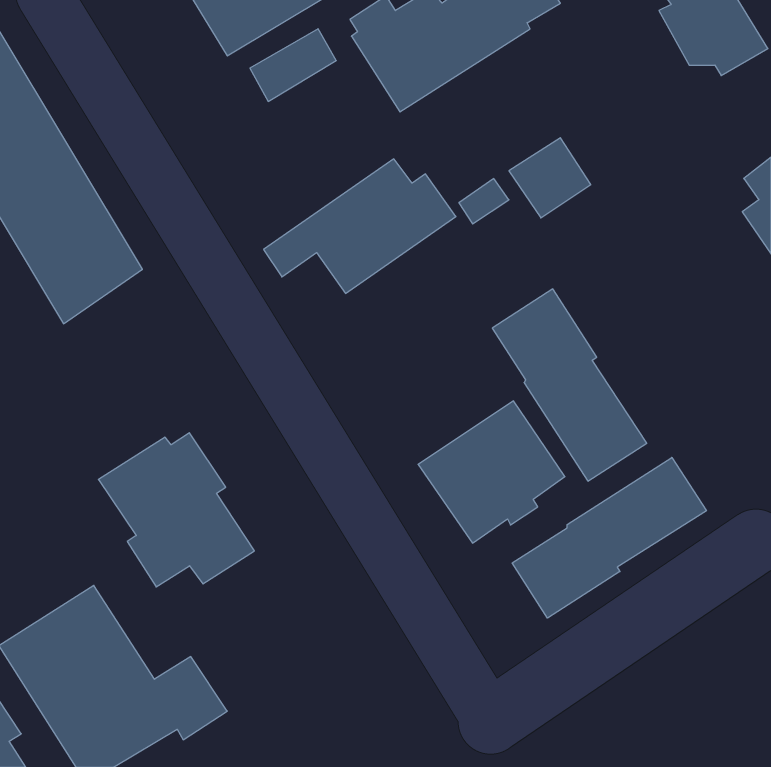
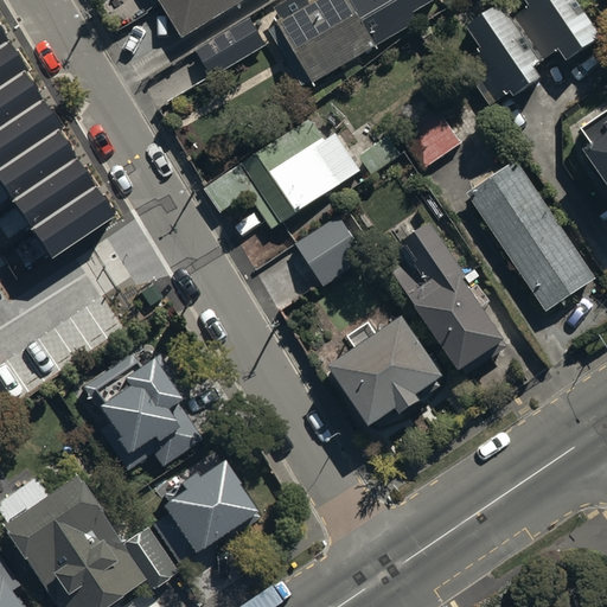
building: none -> [466,7,542,108]
building: none -> [465,165,592,317]
building: none -> [294,218,364,287]
building: [512,457,706,618] -> none
building: none -> [154,451,255,564]

